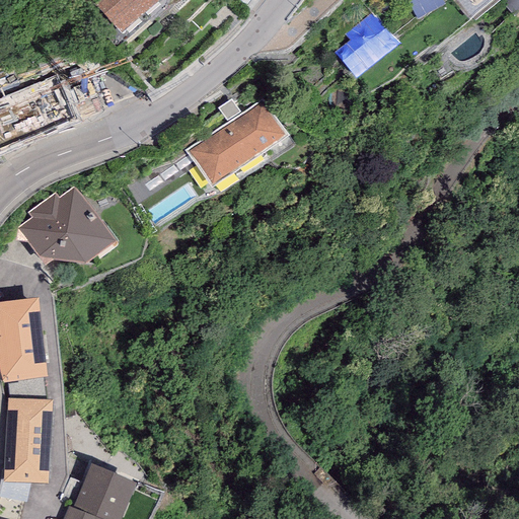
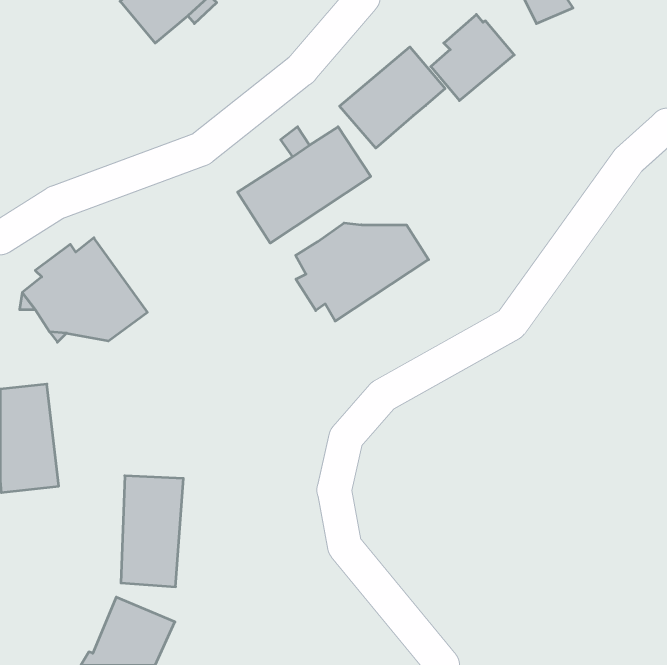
building: none -> [340,47,445,148]
building: none -> [296,223,429,321]
building: [4,398,53,485] -> [121,476,183,587]

